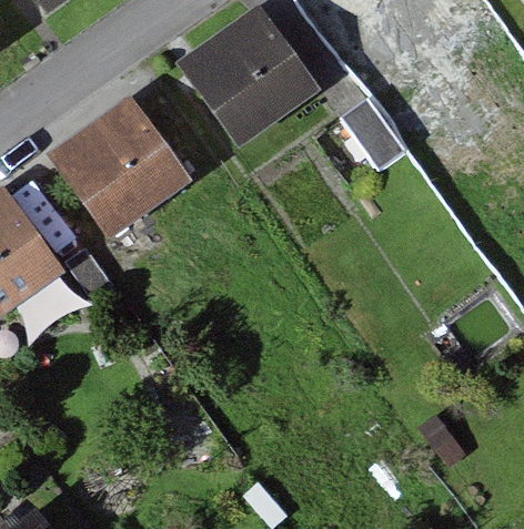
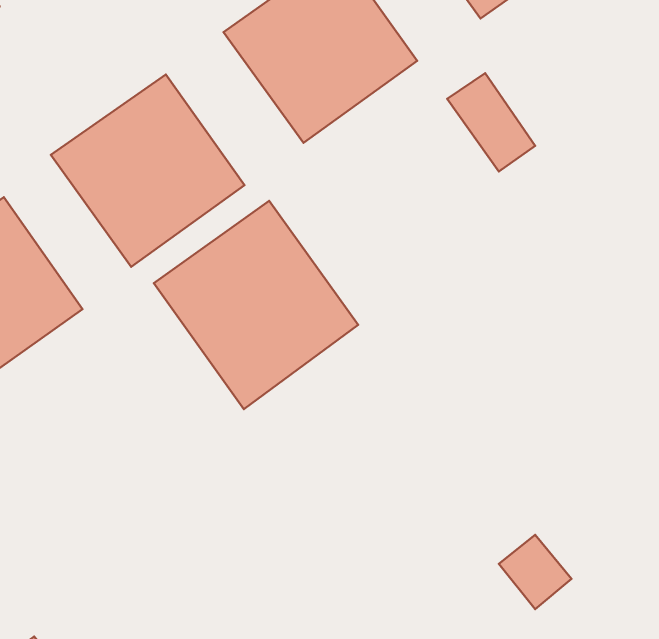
building: none -> [154,201,358,409]

